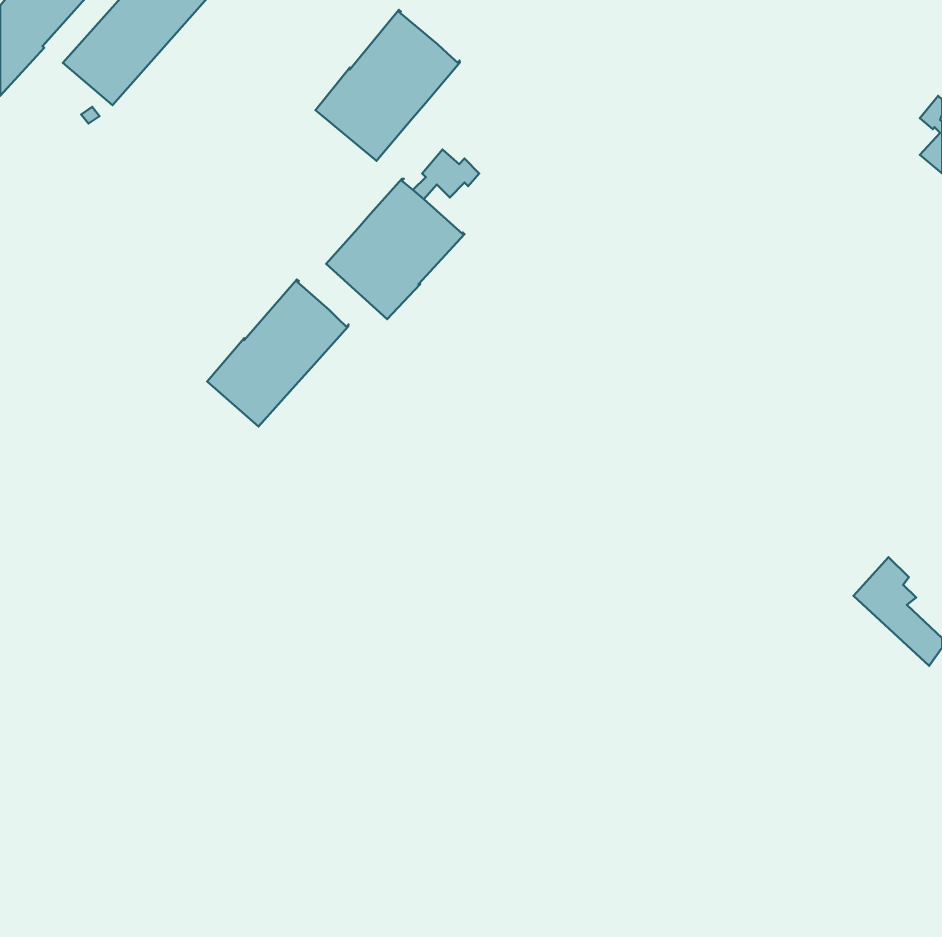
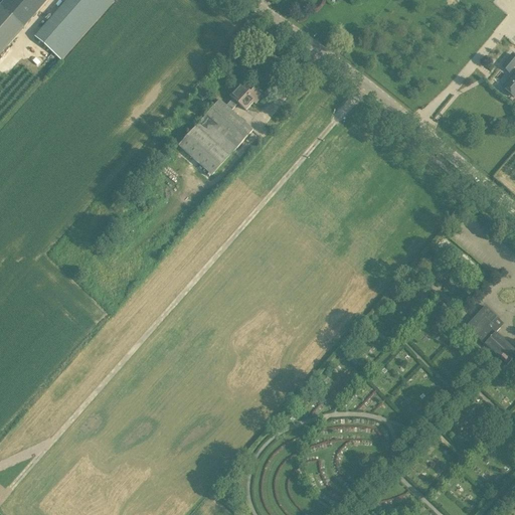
building: [315,10,460,161] -> none
building: [207,280,348,426] -> none

